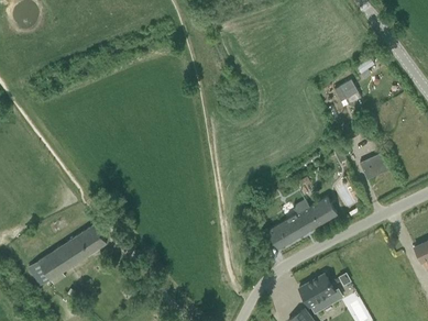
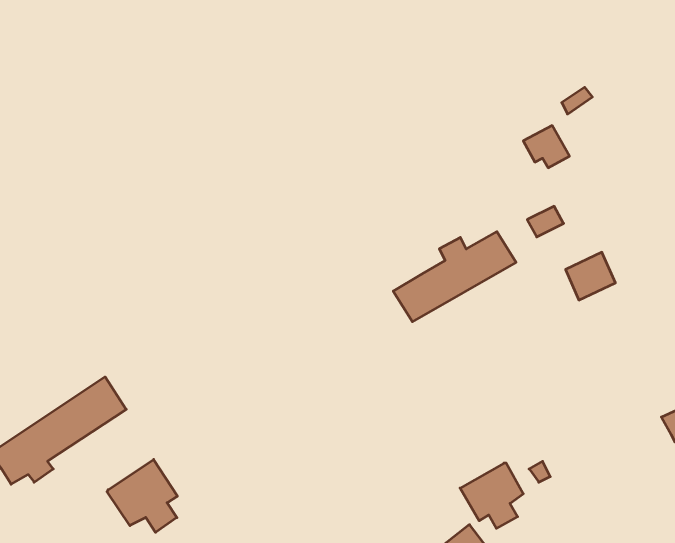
building: [267,198,338,250] -> [393,232,516,322]
building: none -> [107,459,177,532]

